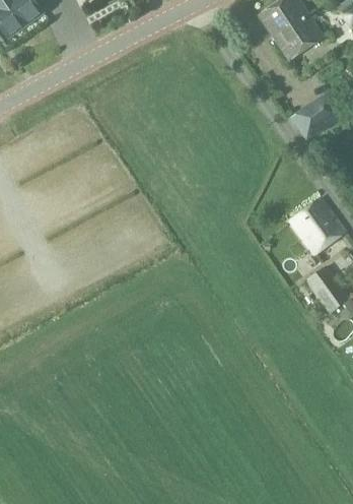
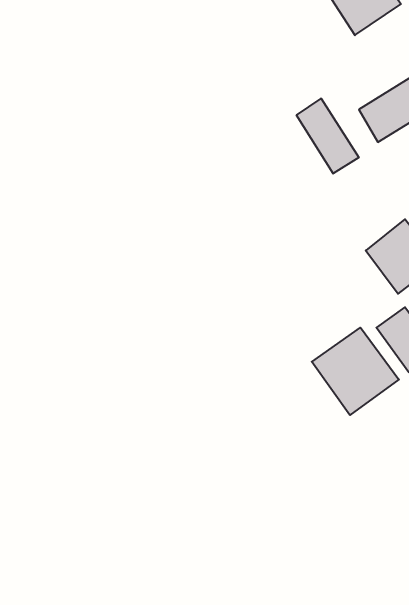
building: none -> [297,98,359,174]
building: none -> [312,328,399,415]

